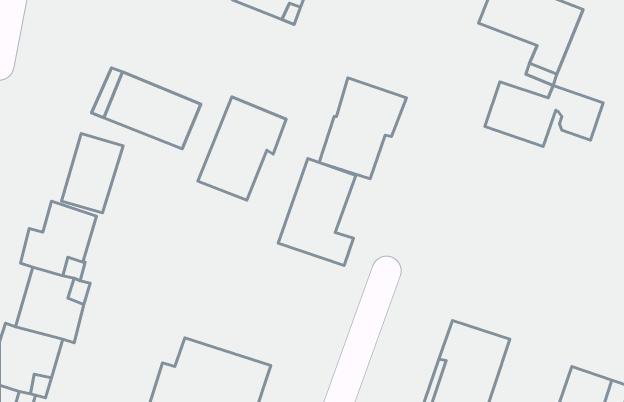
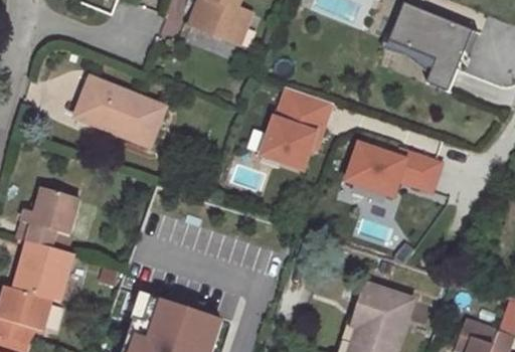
building: [485,82,603,146] -> [345,144,441,196]
building: [198,97,286,200] -> none
building: [62,133,123,213] -> none
building: [278,159,356,266] -> none

